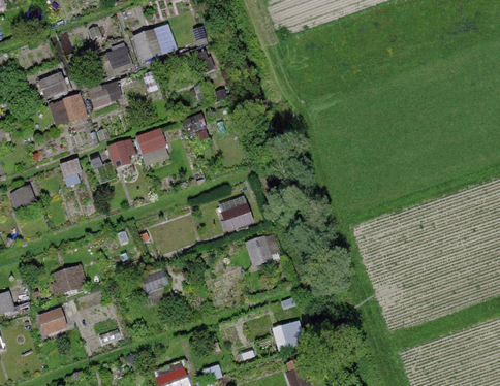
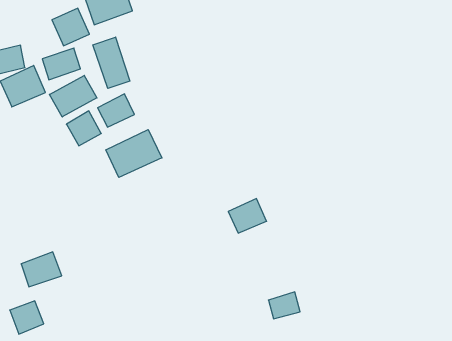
building: none -> [93,37,130,88]
building: none -> [49,75,97,117]
building: none -> [106,130,162,177]
building: [218,194,254,232] -> none

